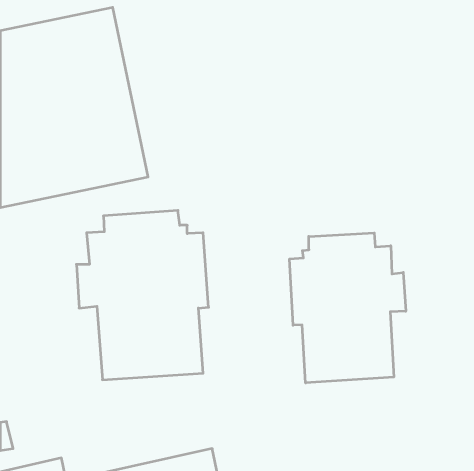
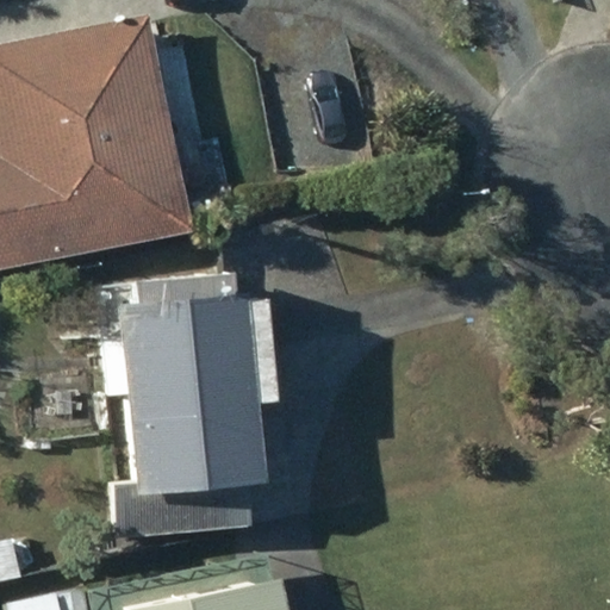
building: [290,233,406,383] -> none

